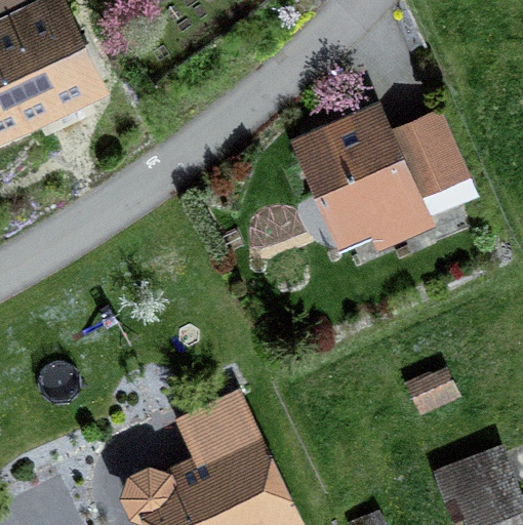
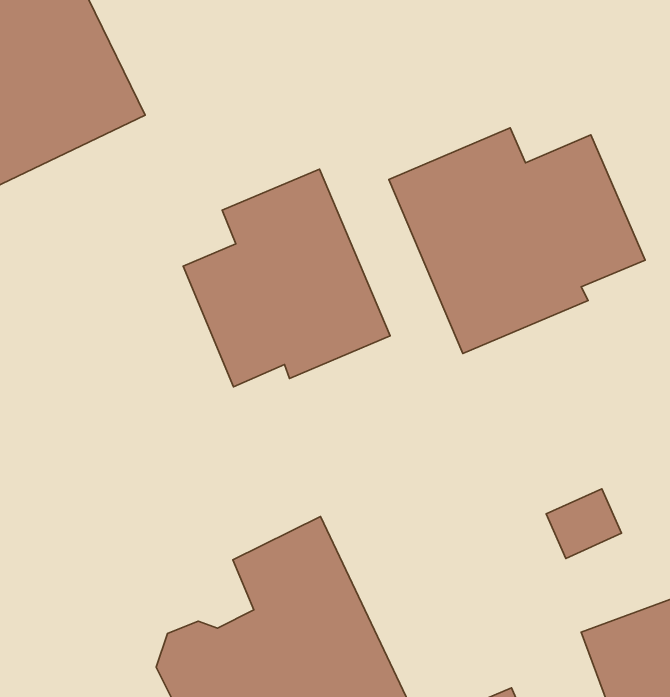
building: none -> [183,169,390,387]

